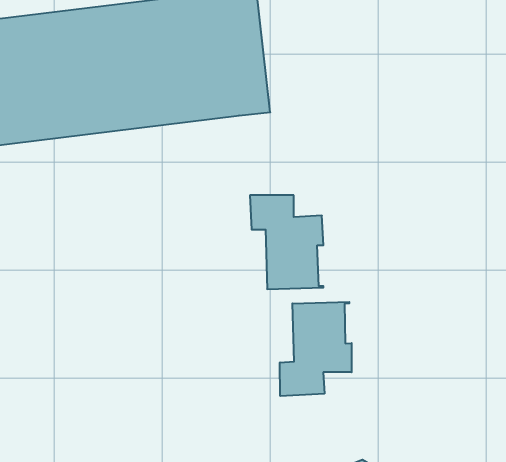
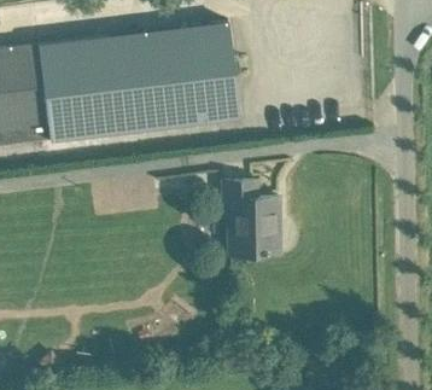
building: [280,302,352,396] -> none

